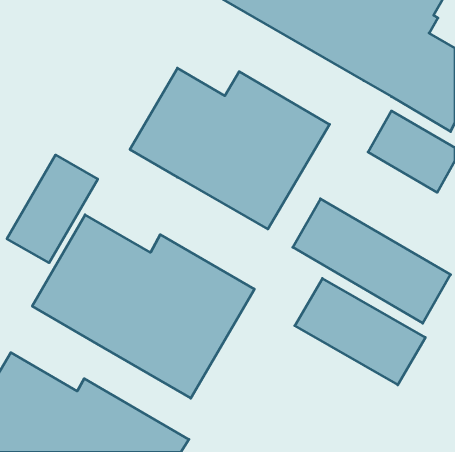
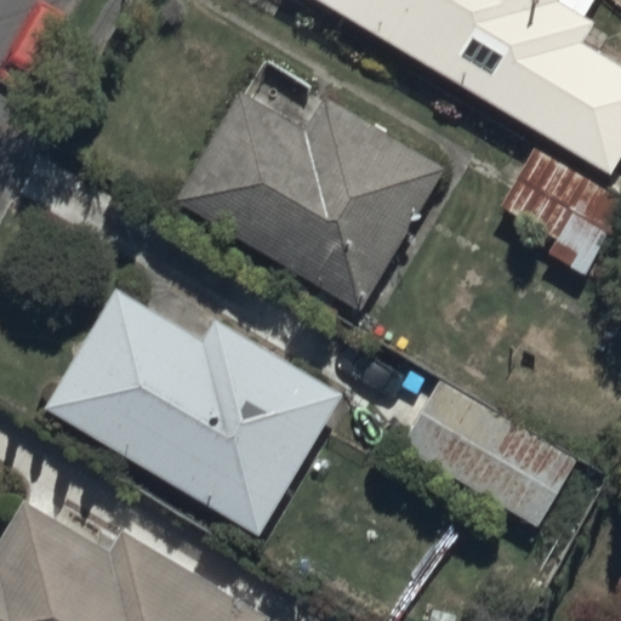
building: [7,155,98,263] -> none
building: [293,199,451,323] -> none

